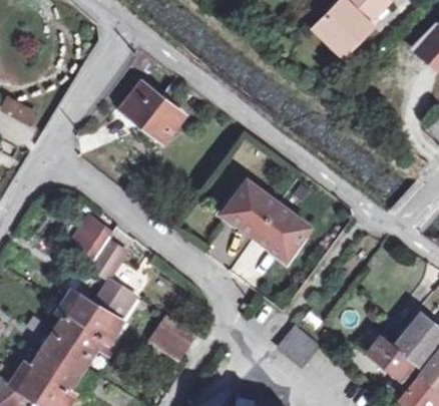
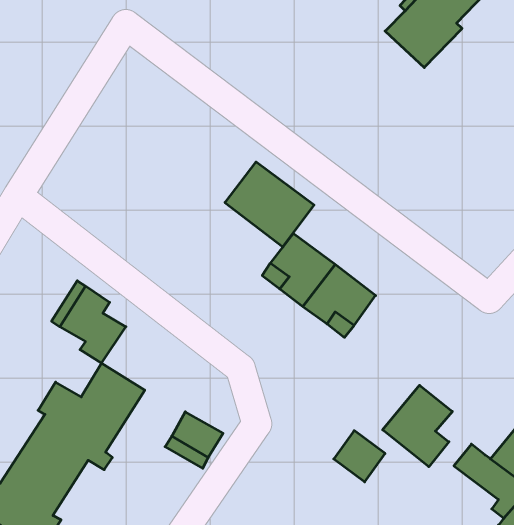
building: [121,78,187,141] -> [225,162,314,247]
building: none -> [383,385,452,467]

